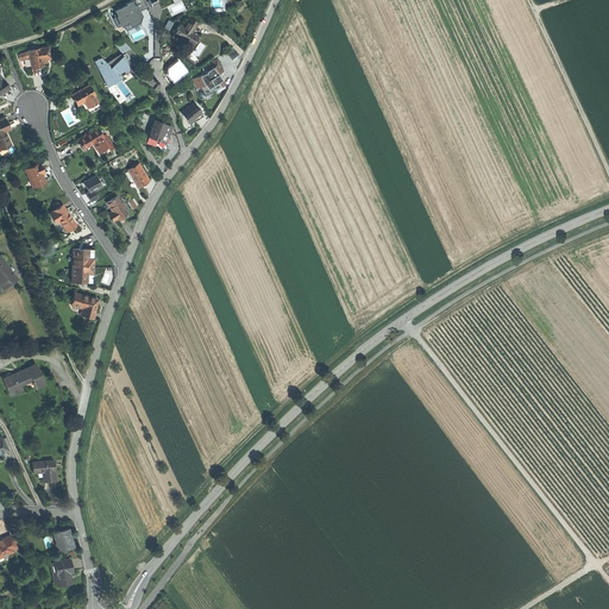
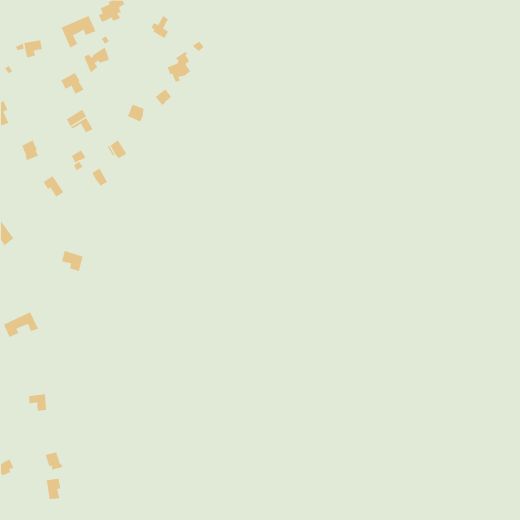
building: none -> [61,15,96,48]
building: [71,249,94,282] -> none

